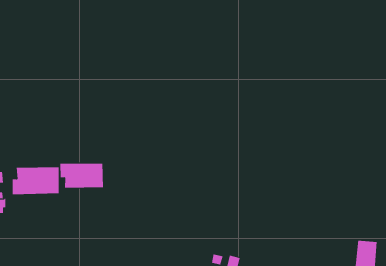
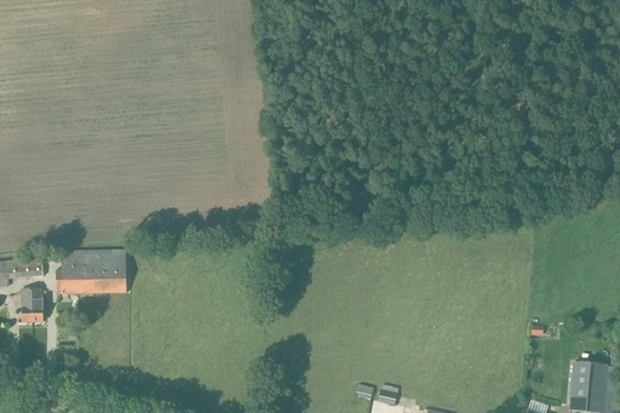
building: [60,163,104,189] -> none

